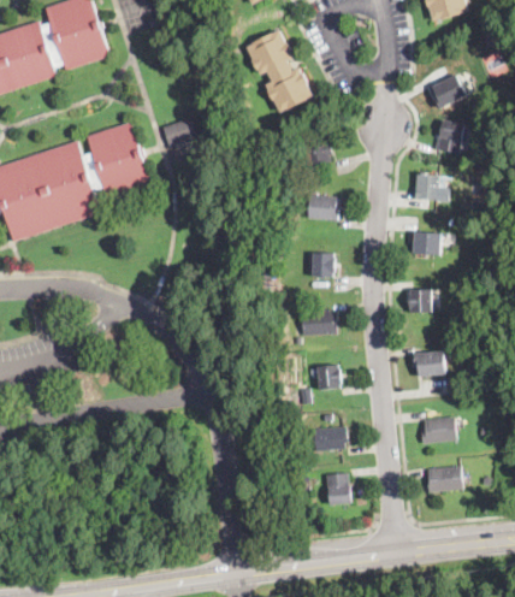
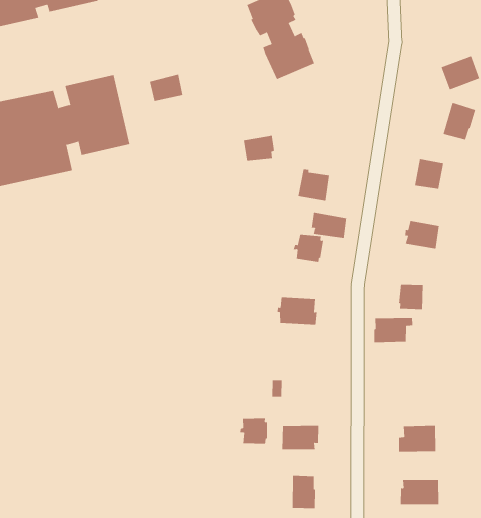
building: [301,140,331,166] -> [243,135,275,161]
building: none -> [311,212,347,239]
building: [413,350,449,377] -> [374,318,413,343]
building: [315,365,342,390] -> [239,418,268,444]

